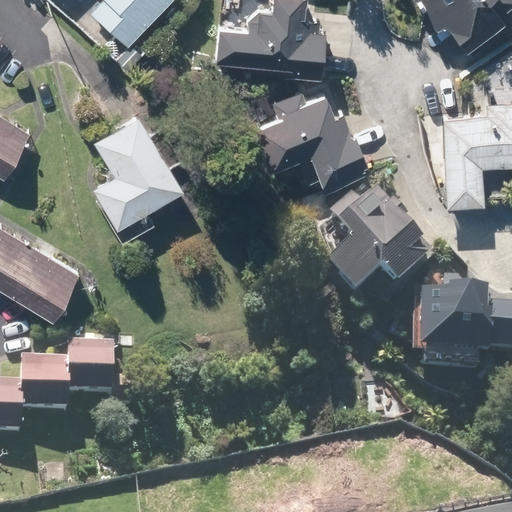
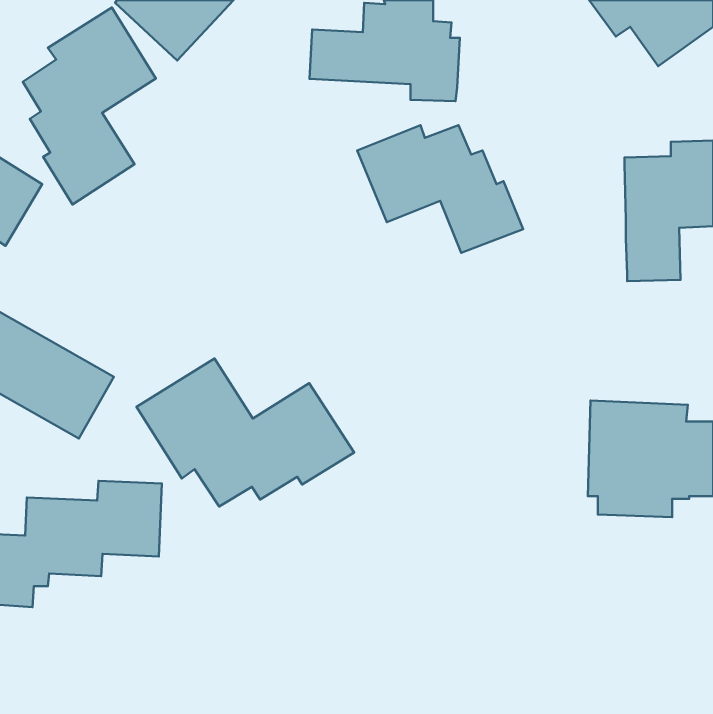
building: none -> [23,7,156,204]
building: [86,112,198,245] -> none
building: [329,183,433,298] -> none
building: none -> [136,359,354,506]

